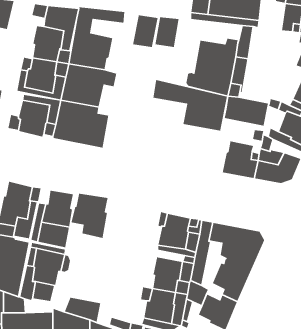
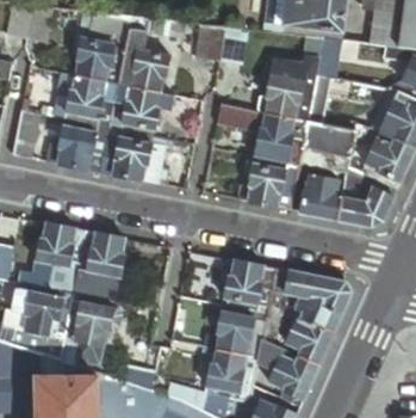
building: none -> [247,160,297,210]
building: [71,193,109,239] -> none

